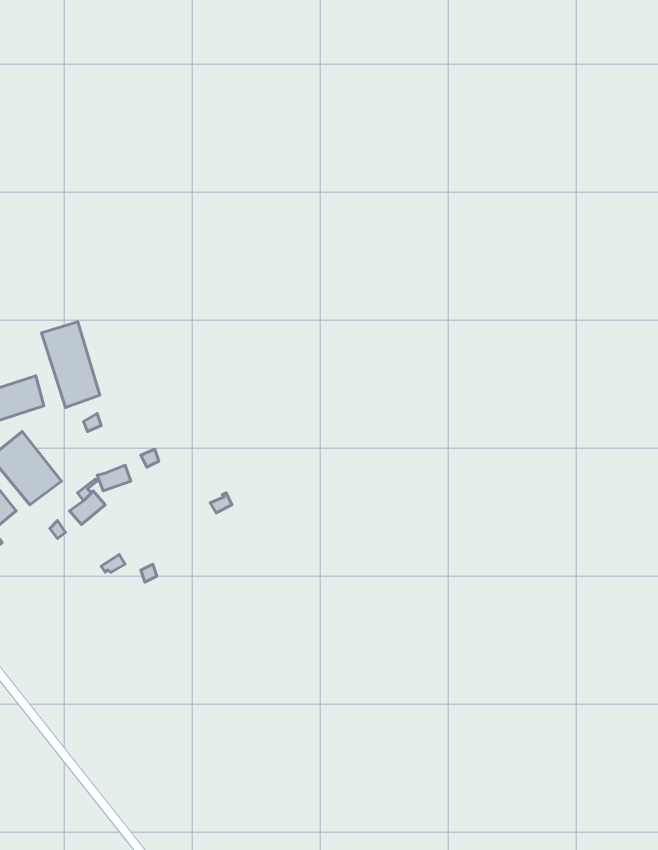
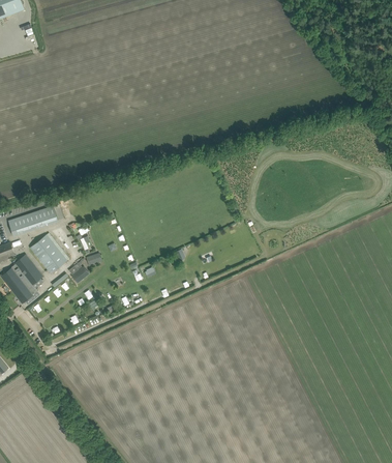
building: [42,322,100,408] -> none

